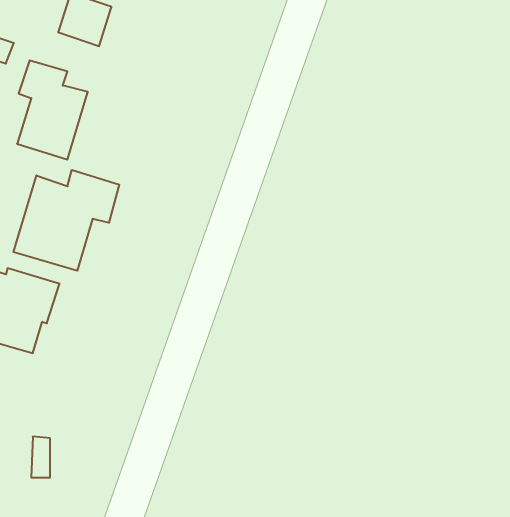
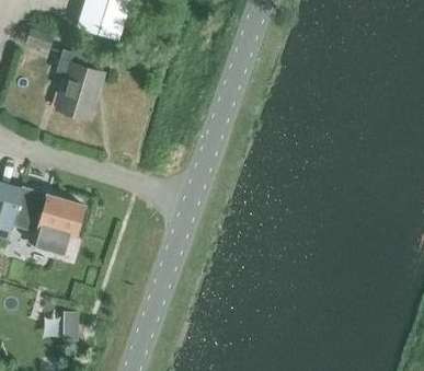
building: [13,170,119,271] -> none

